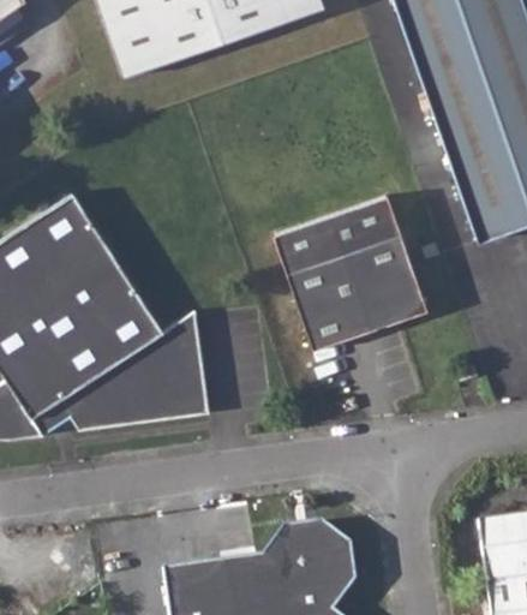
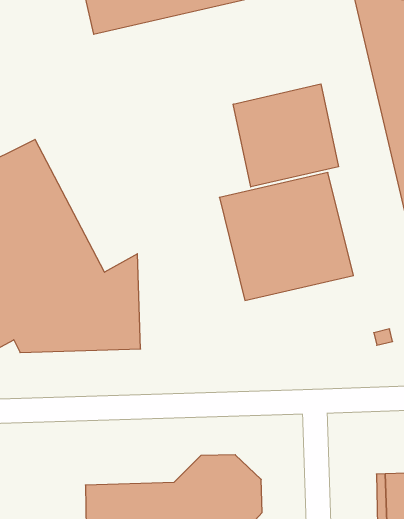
building: none -> [233,84,338,187]

